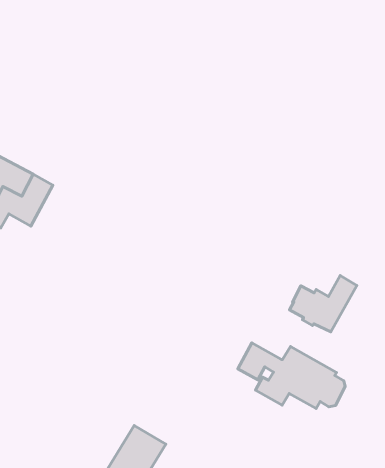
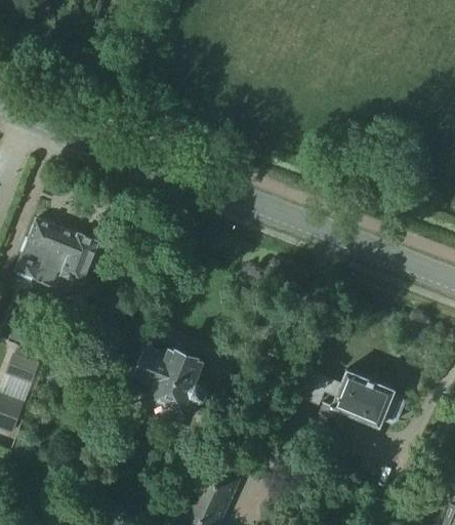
building: [290,276,357,332] -> none
building: none -> [130,347,209,425]

